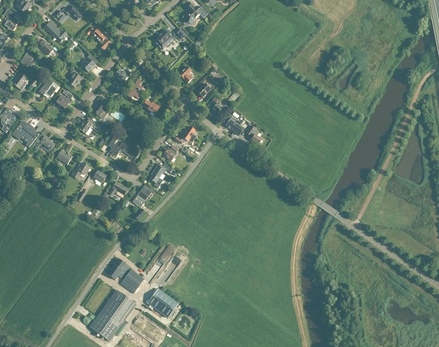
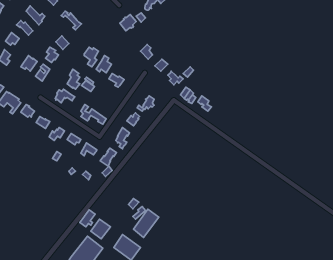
building: none -> [133,209,159,238]

